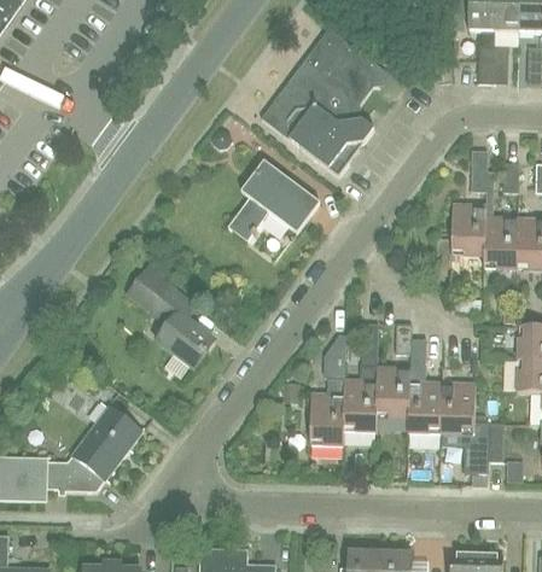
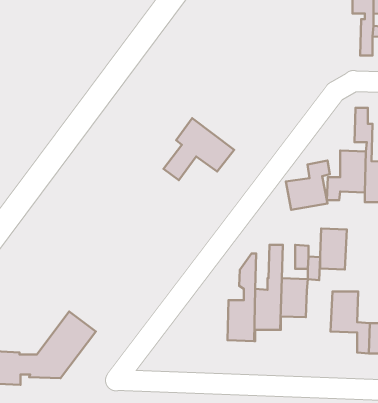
building: [261,27,390,174] -> none
building: none -> [286,161,330,210]
building: [129,259,212,377] -> none
building: [408,380,442,432] -> [320,228,347,269]

